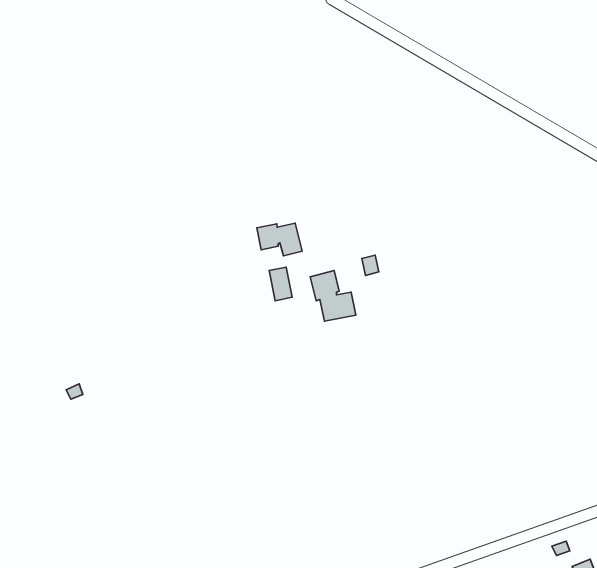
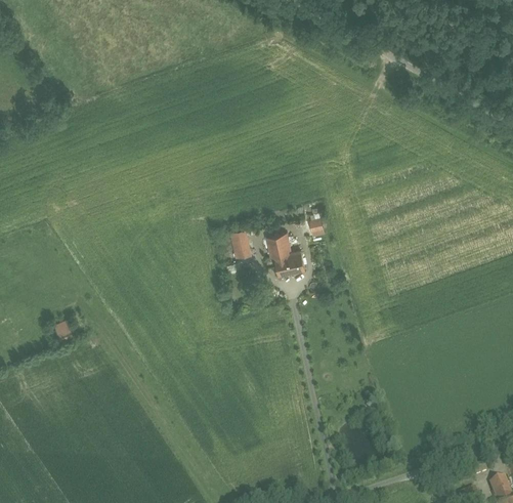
building: [257,223,302,256] -> none

